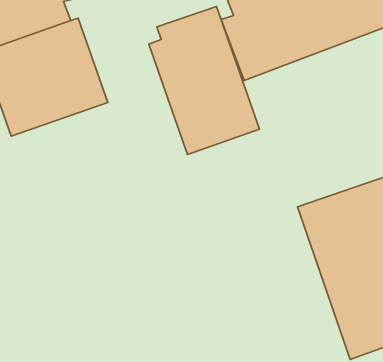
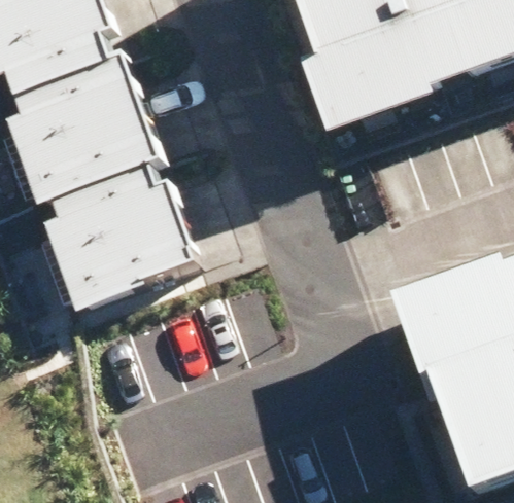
building: [149,6,259,154] -> none
building: none -> [43,159,196,308]

